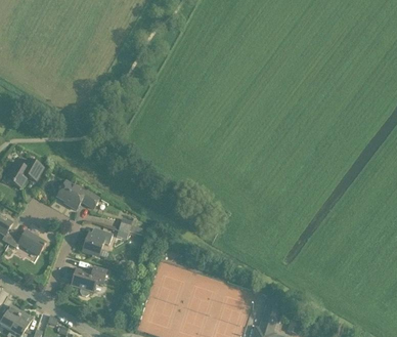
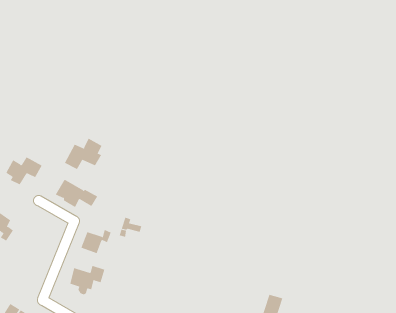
building: none -> [64,138,102,170]
building: [7,229,45,255] -> none

